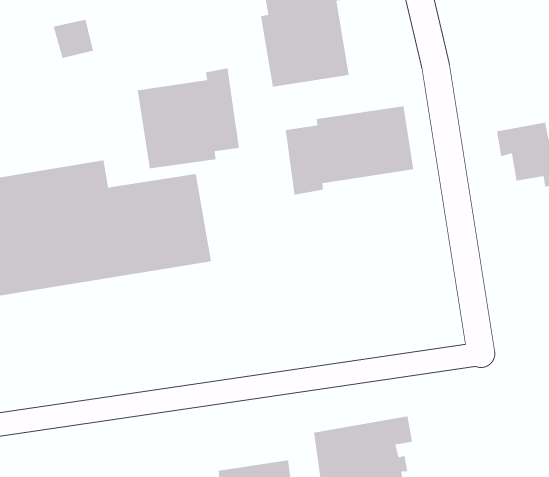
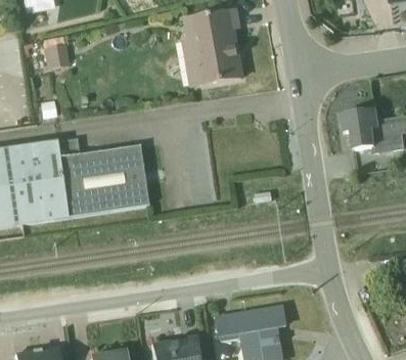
building: [137,67,240,169] -> none
building: [285,105,414,196] -> none

